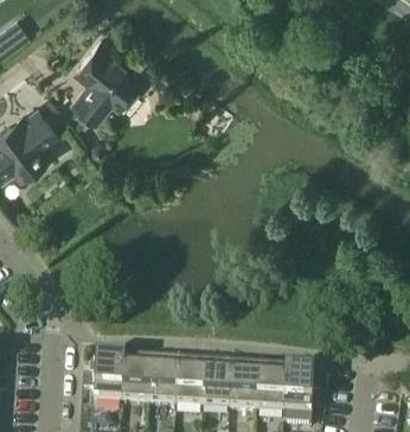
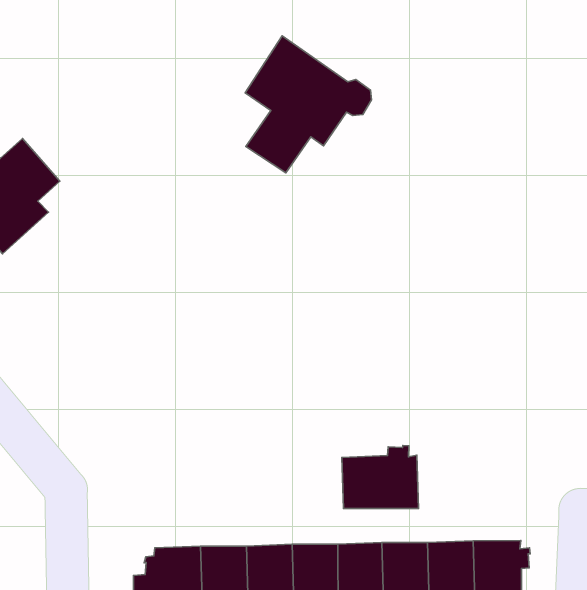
building: [73,34,150,116] -> [245,36,371,173]
building: none -> [342,445,418,509]

